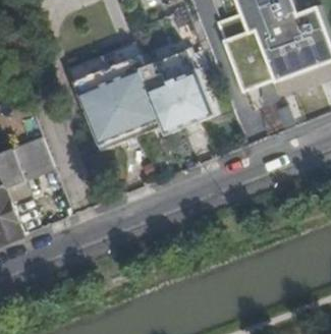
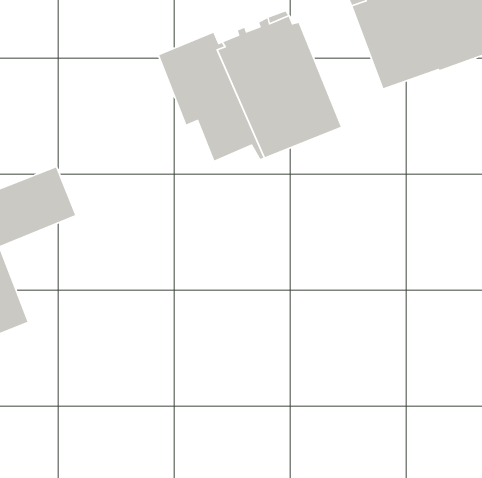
building: [70,68,135,150] -> none

